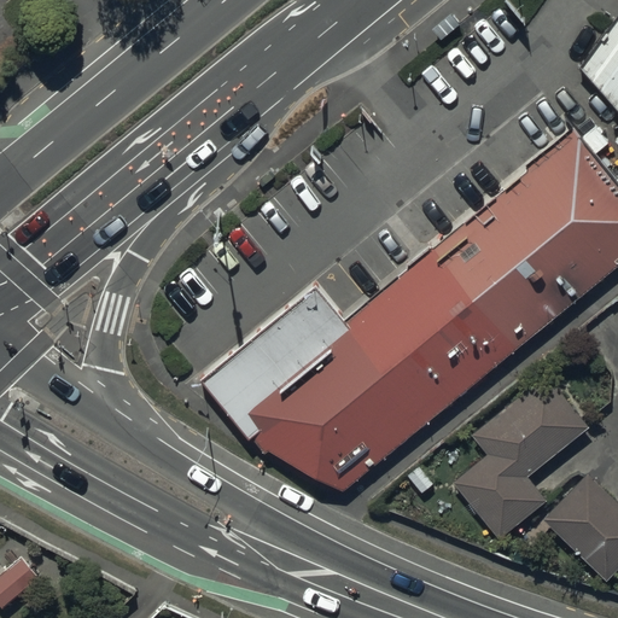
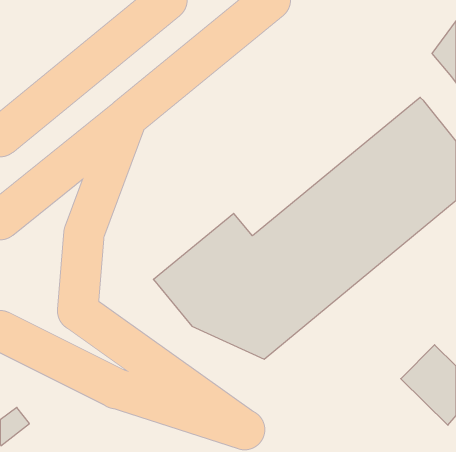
building: [451,374,587,538] -> none

